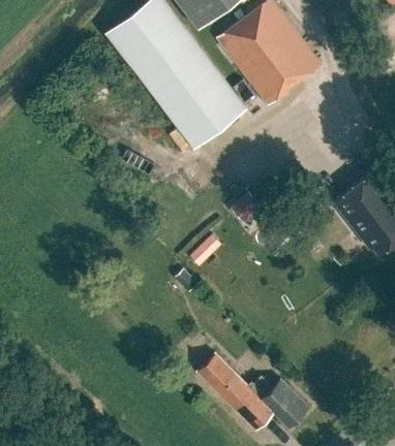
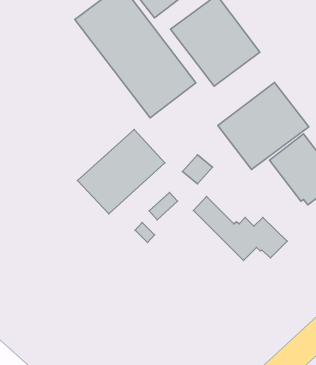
building: none -> [218,82,309,170]
building: none -> [78,129,165,214]
building: [201,355,311,431] -> [193,196,287,261]

